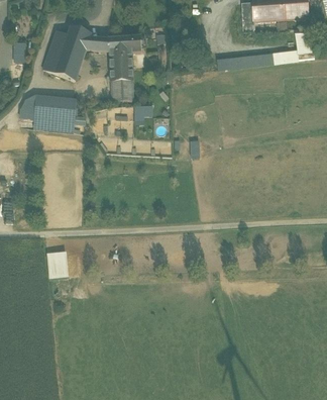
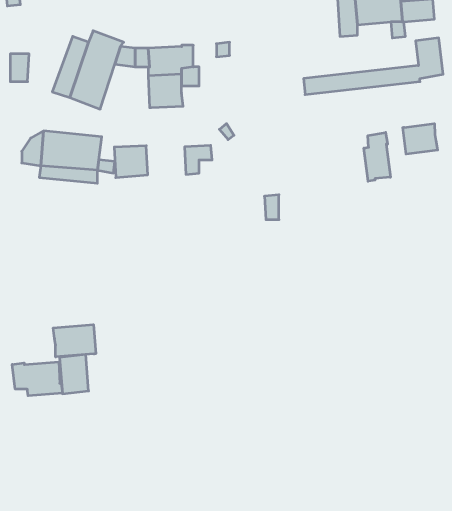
building: [111,78,134,100] -> [114,146,148,178]
building: none -> [403,124,438,154]
building: none -> [364,132,390,181]
building: none -> [53,325,96,357]
building: none -> [12,362,62,396]

